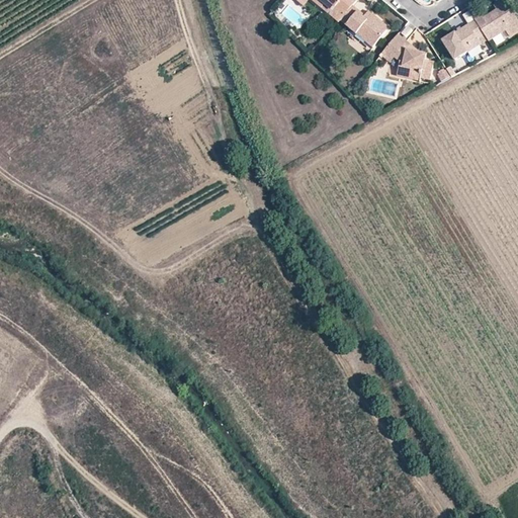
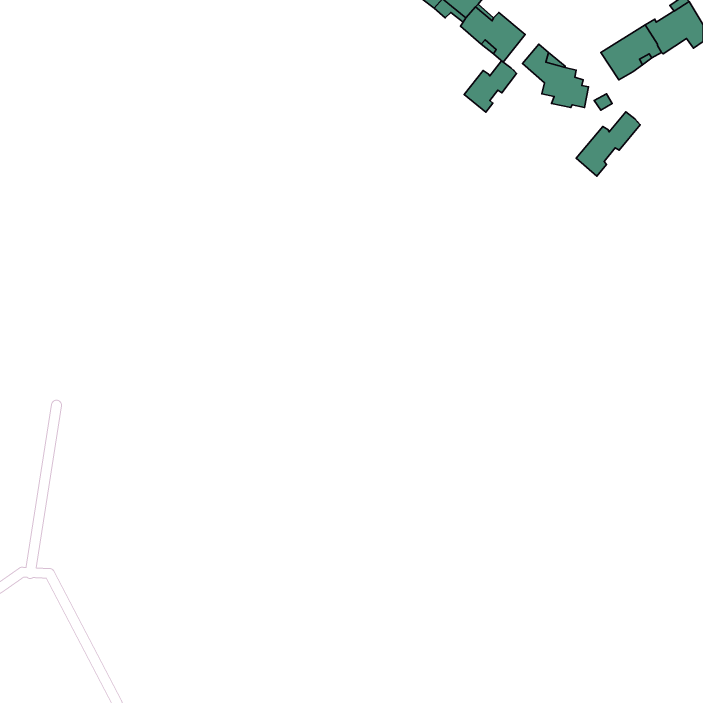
building: none -> [464,61,516,112]
building: none -> [576,112,640,176]

